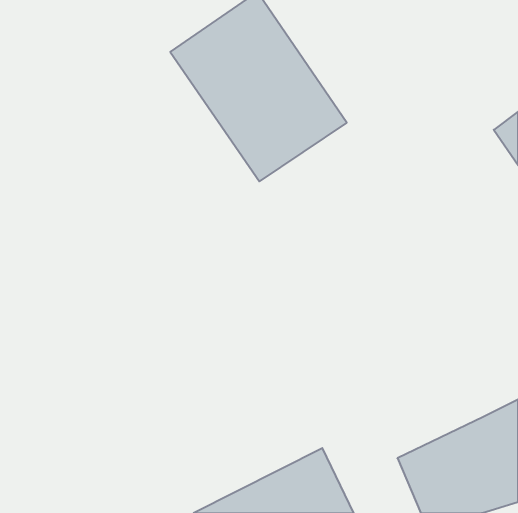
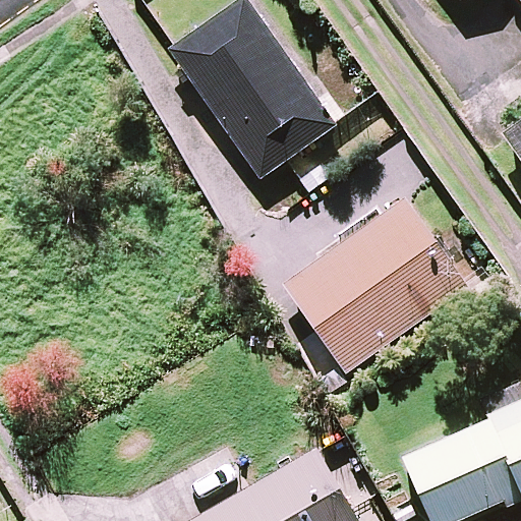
building: none -> [282,195,467,369]

